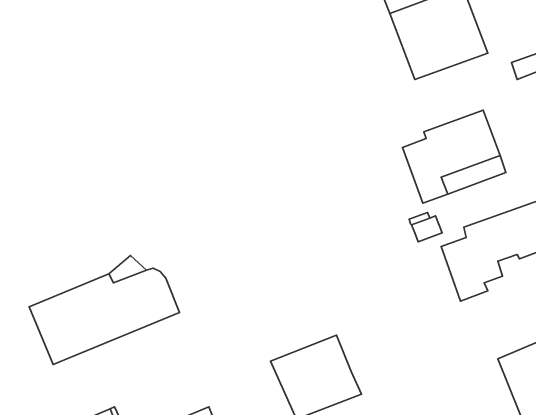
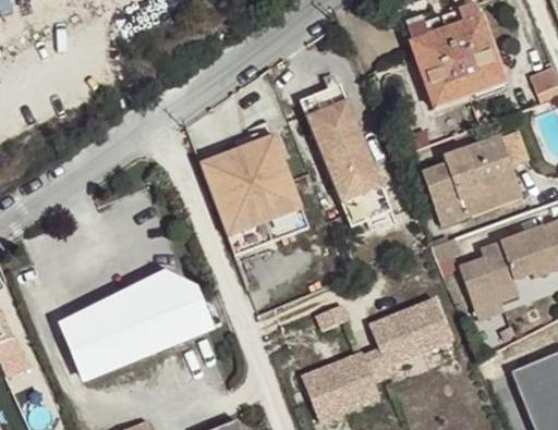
building: none -> [301,83,392,225]
building: none -> [201,134,310,254]
building: none -> [359,304,452,384]

